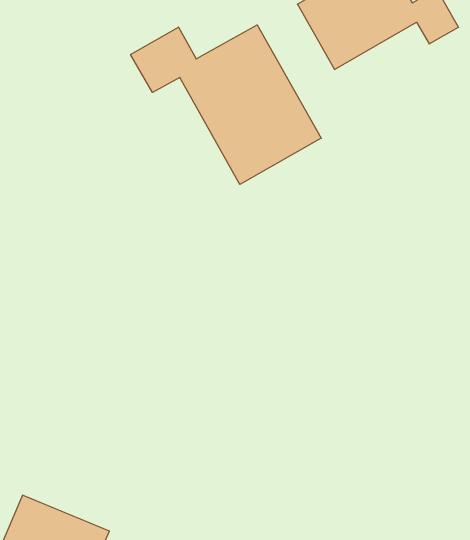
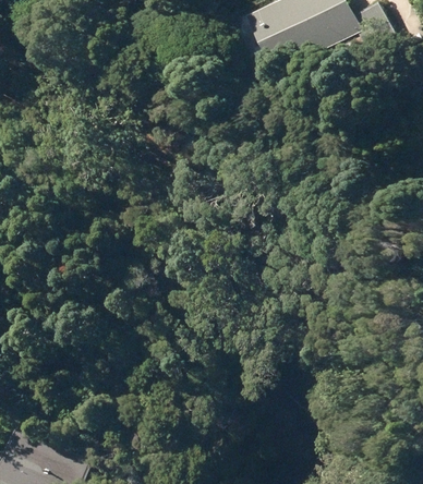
building: [131,25,321,184] -> none

